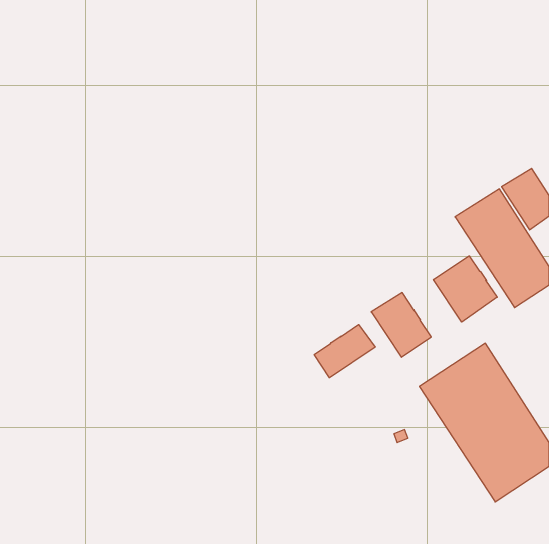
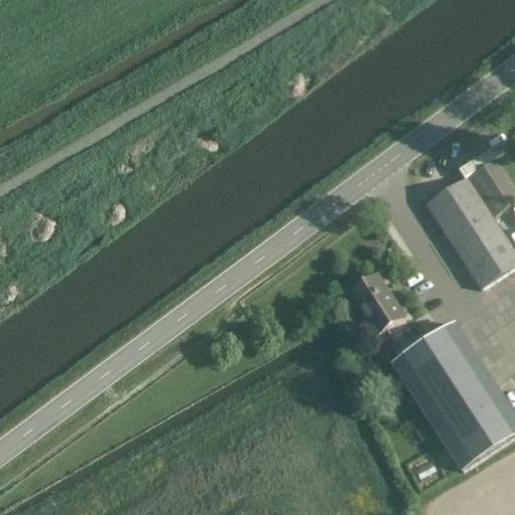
building: [434,256,497,322] -> none
building: [314,325,375,378] -> none

